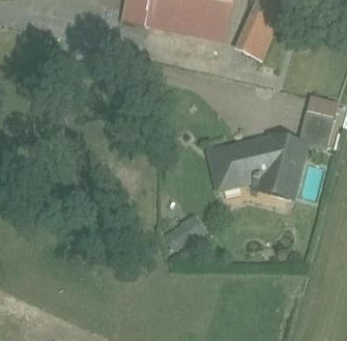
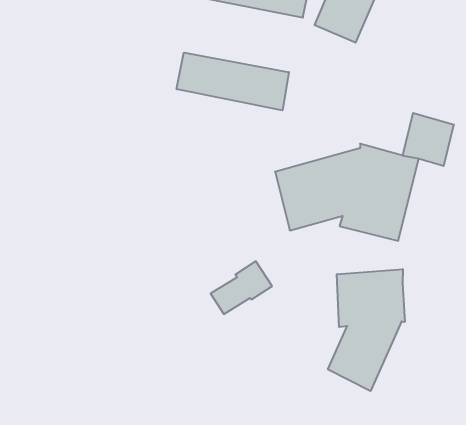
building: none -> [177,53,289,110]
building: none -> [328,269,405,391]

